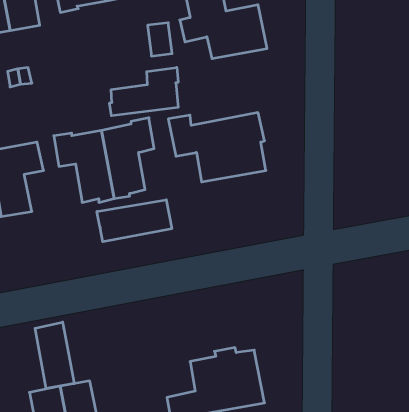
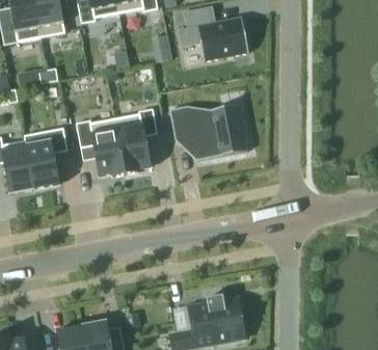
building: [110,67,178,116] -> none
building: [97,200,172,242] -> none
building: [35,322,74,388] -> none

